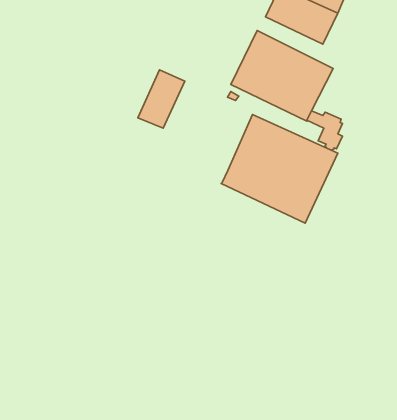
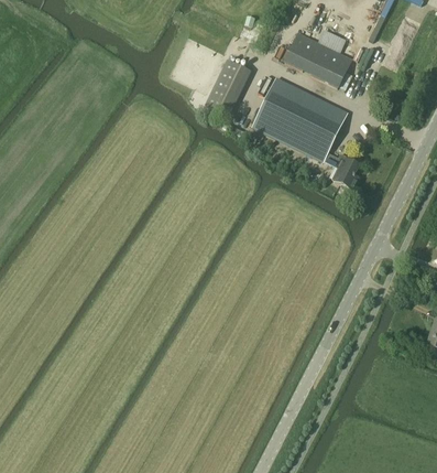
building: [138,70,185,128] -> [205,57,250,114]
building: [221,114,338,223] -> none

